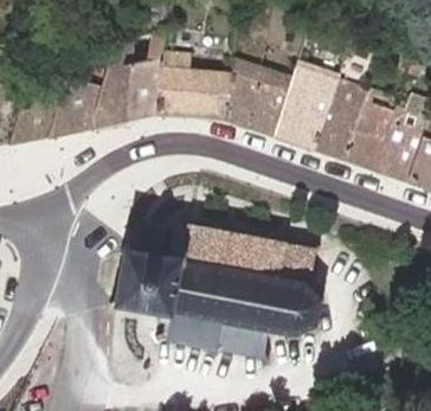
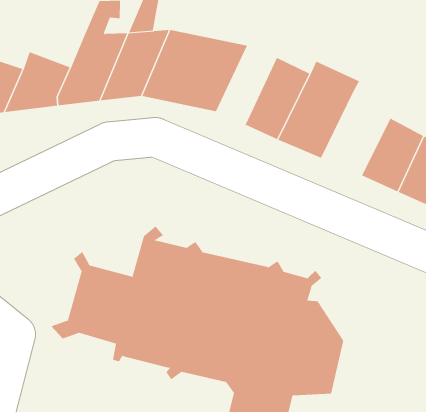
building: [224,64,268,128] -> none
building: [311,92,366,160] -> none

